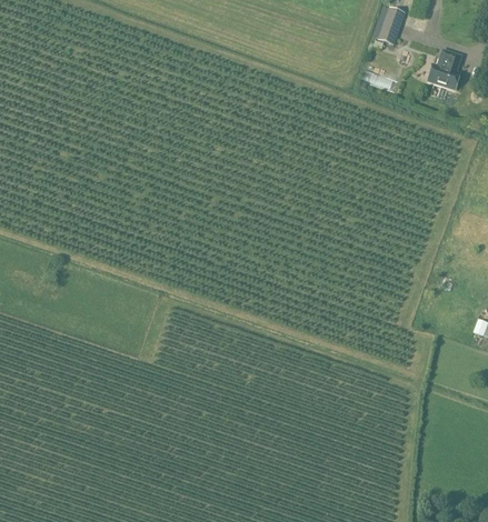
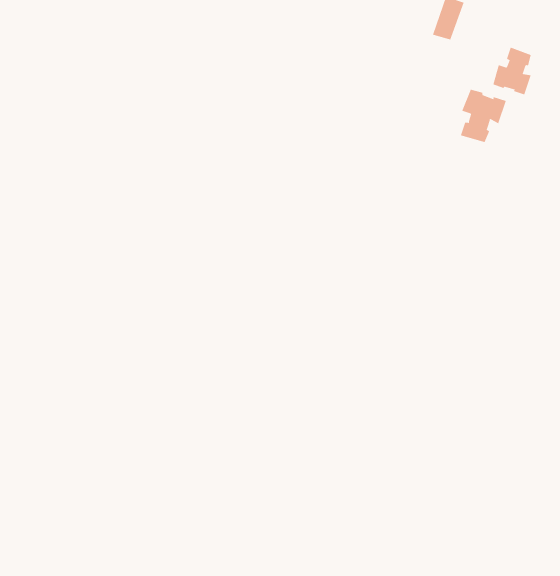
building: none -> [460,89,506,143]

